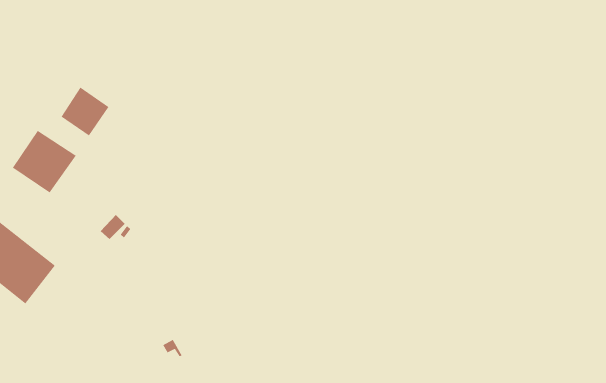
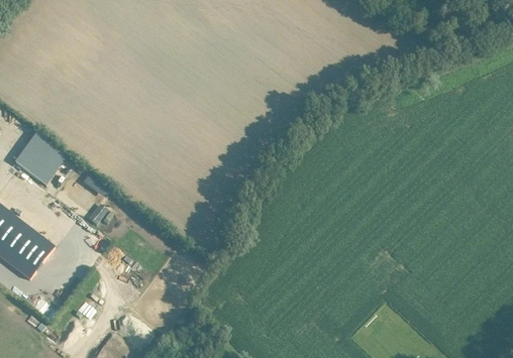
building: [60,86,109,137] -> none

